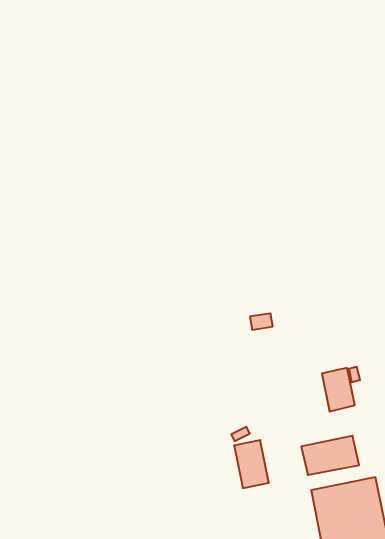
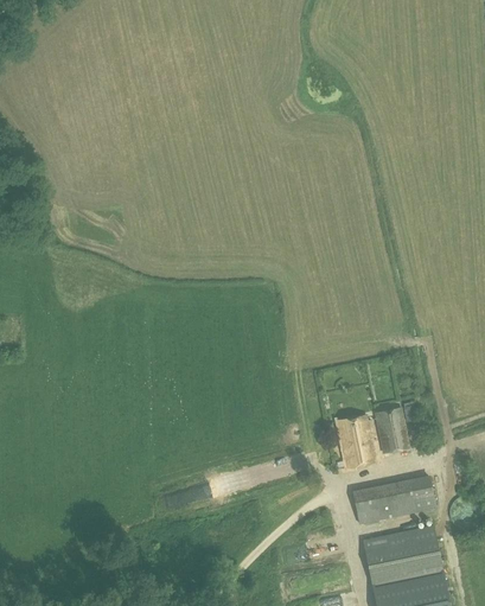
building: none -> [407,477,434,512]
building: [234,440,269,488] -> [337,415,375,467]

